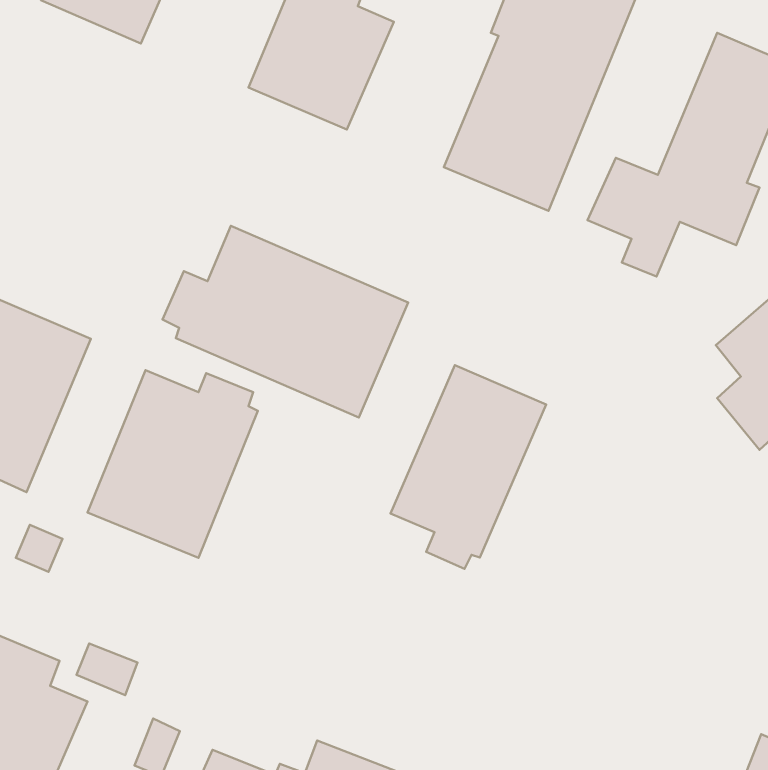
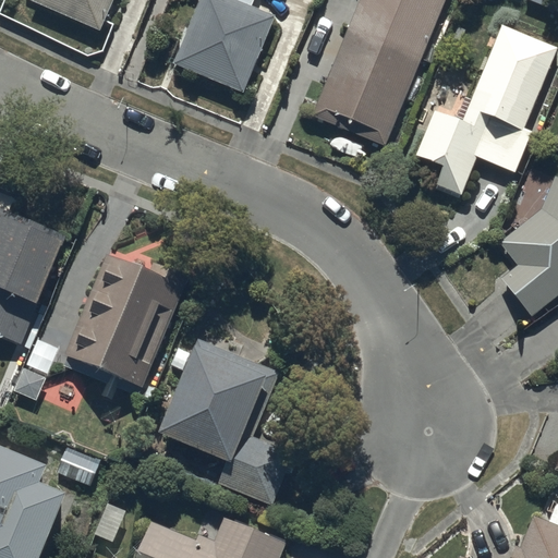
building: [163,226,408,417] -> none
building: [391,365,546,569] -> none
building: none -> [157,339,292,504]

